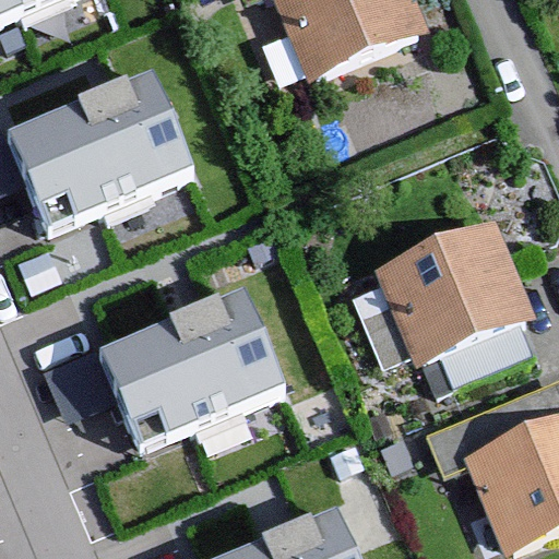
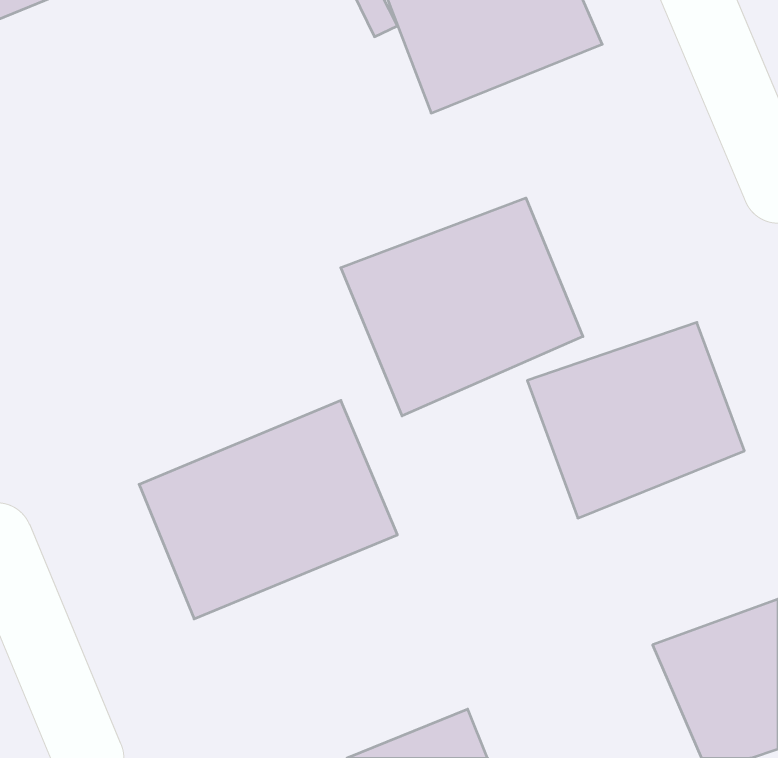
building: [7,68,191,224] -> none
building: none -> [341,198,583,416]

